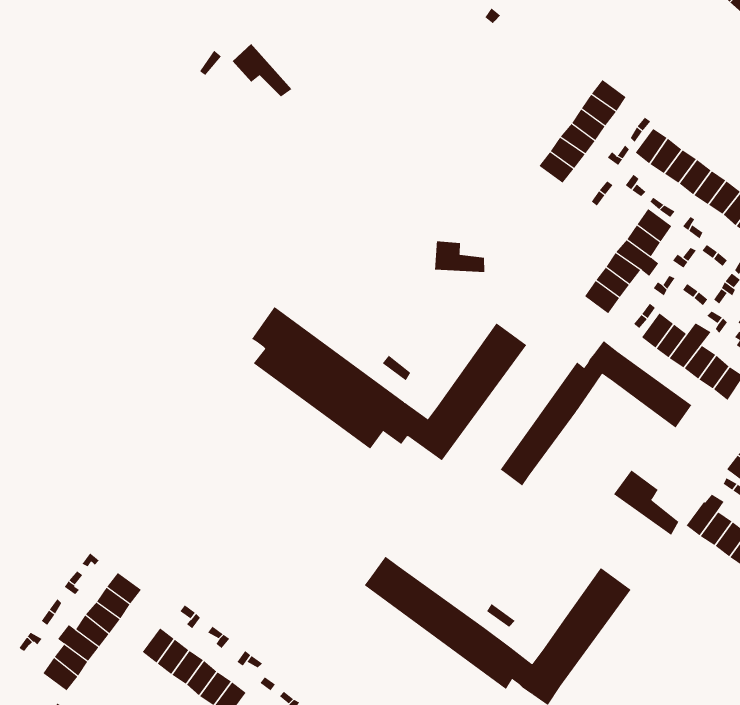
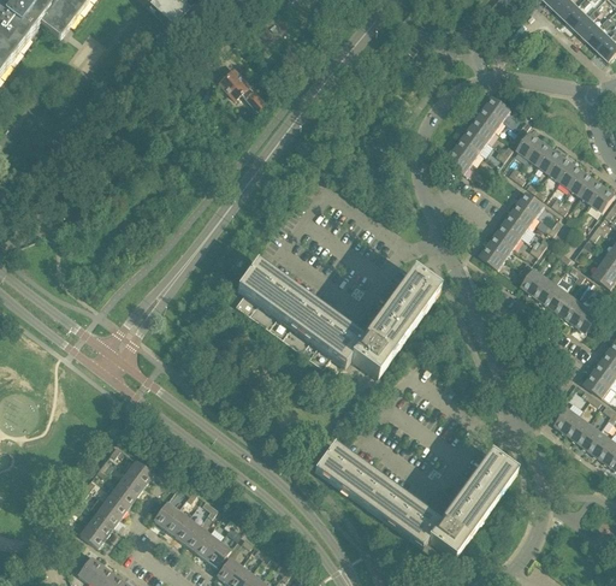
building: [434,241,485,273] -> none
building: [500,340,692,486] -> none
building: [613,469,679,536] -> none

